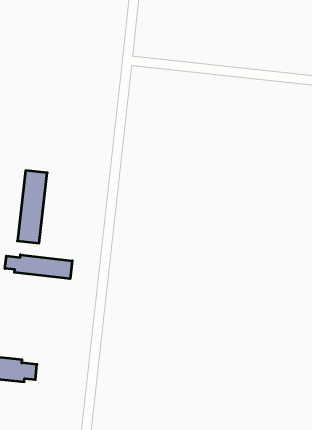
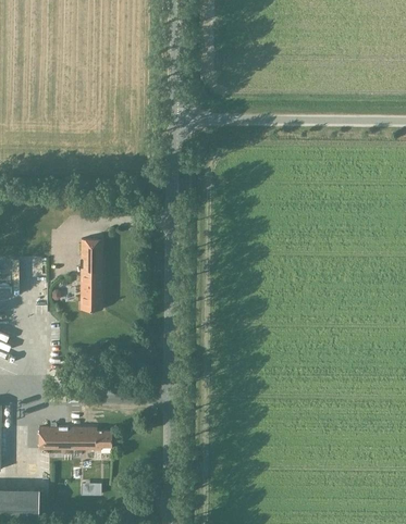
building: [5,255,72,279] -> none

